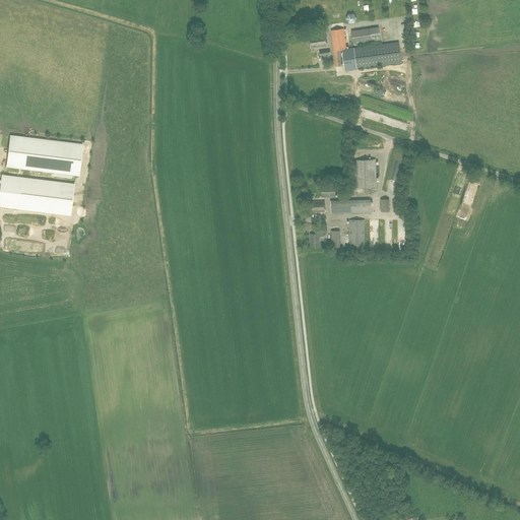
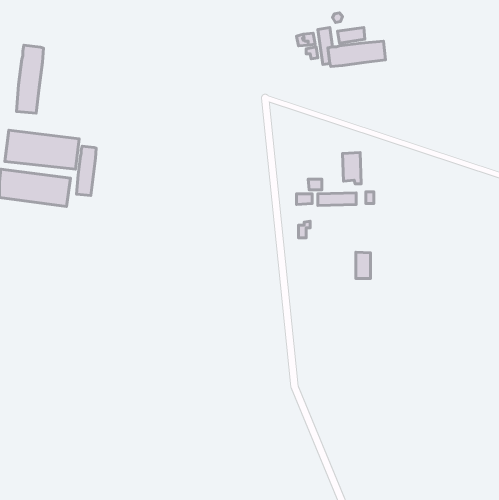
building: none -> [16,45,44,113]
building: none -> [77,146,96,195]
building: [348,219,364,247] -> [356,252,371,278]

